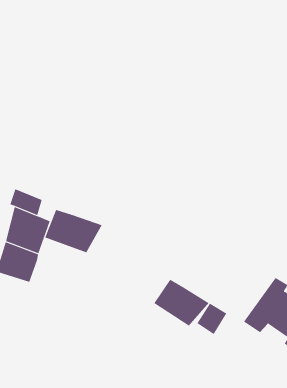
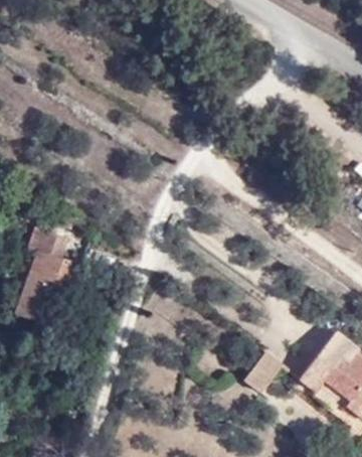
building: [45,209,102,253] -> none
building: [153,279,210,326] -> none

